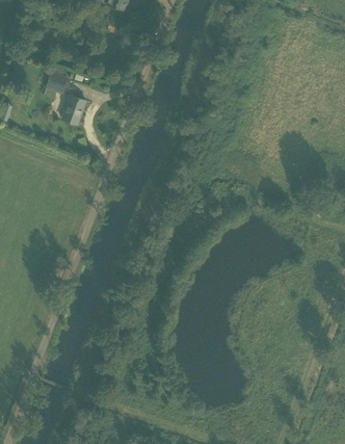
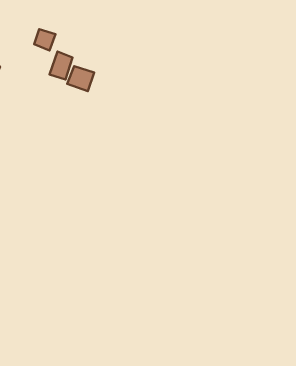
building: none -> [67,66,94,91]

